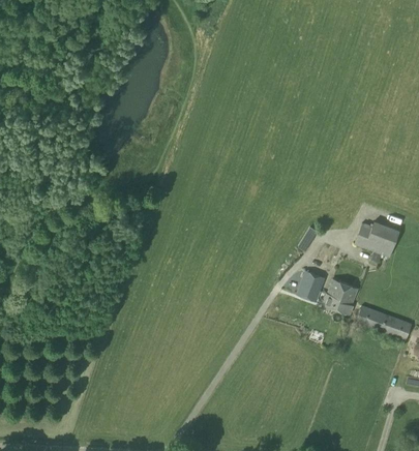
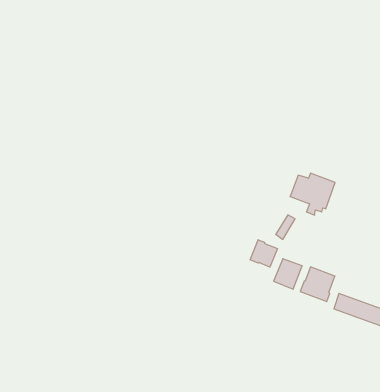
building: [354,219,399,262] -> [290,173,335,215]
building: none -> [250,240,277,267]

